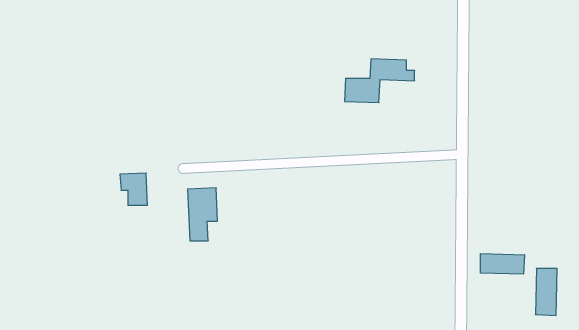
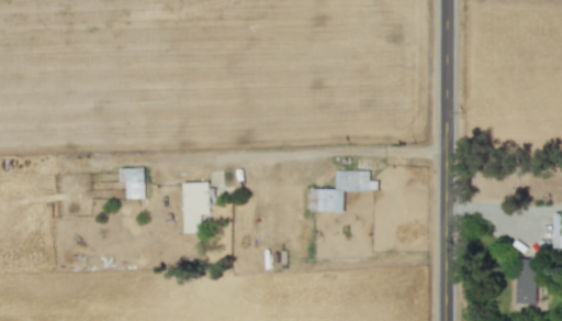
building: [345,59,415,103] -> [311,170,378,212]
building: [480,254,524,274] -> none

